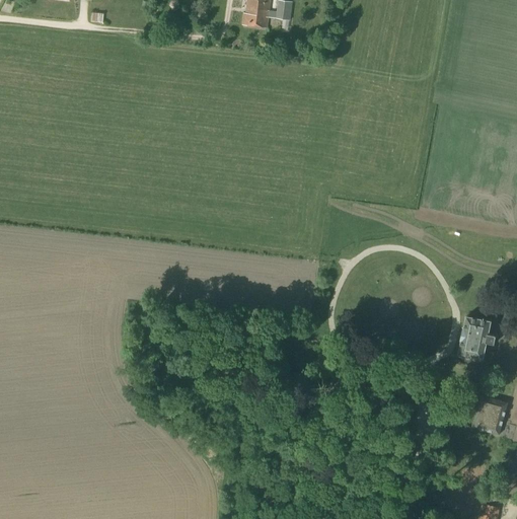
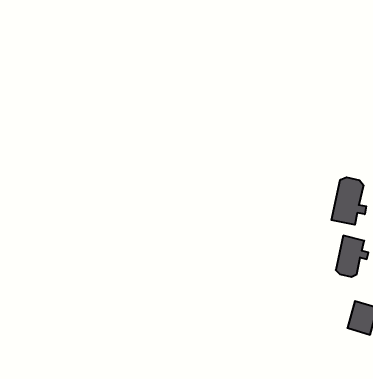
building: none -> [331,177,366,225]

